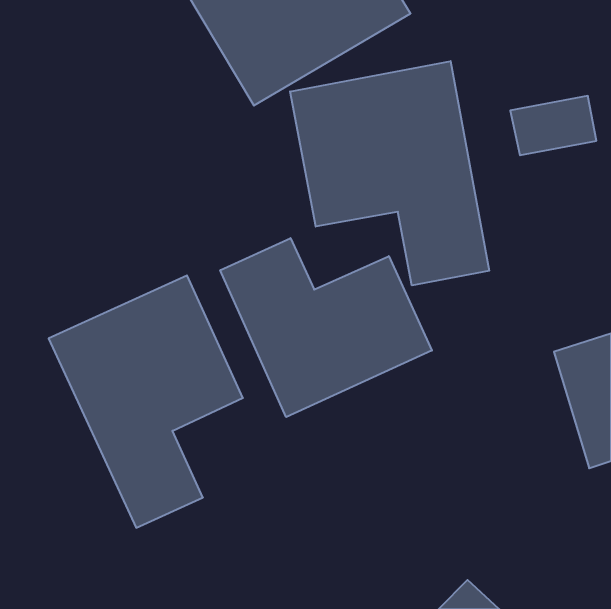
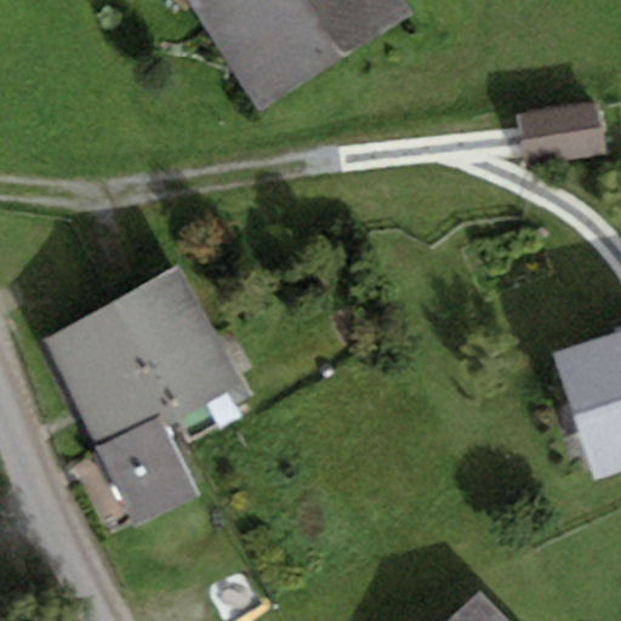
building: [290,61,489,285] -> none
building: [220,238,432,417] -> none

